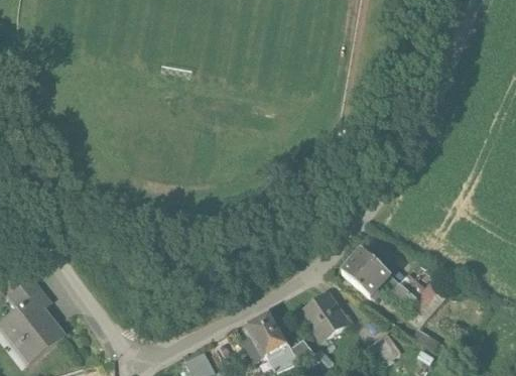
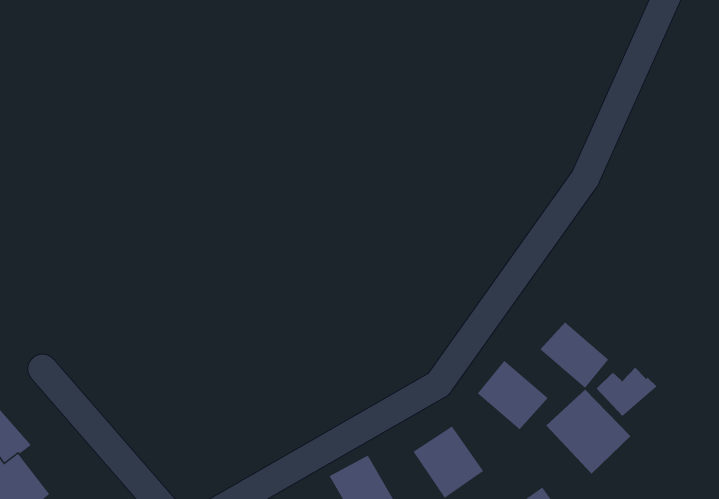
building: none -> [539,321,609,389]
building: none -> [596,367,657,417]

